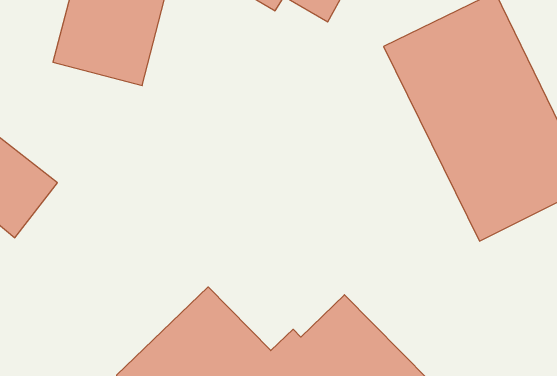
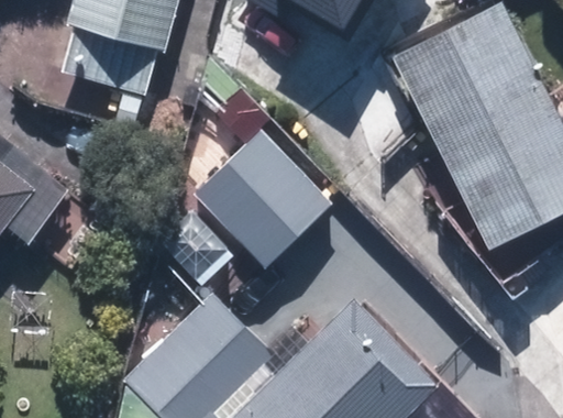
building: none -> [197,129,335,267]

